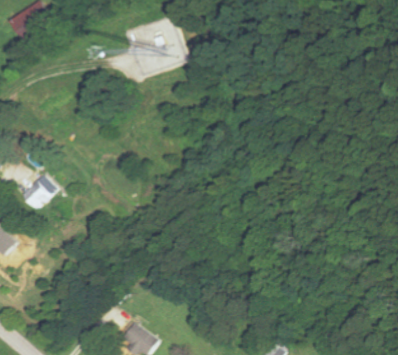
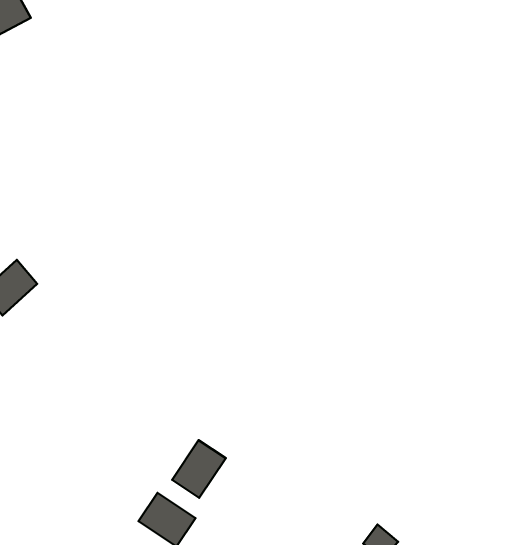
building: none -> [172,440,226,498]

